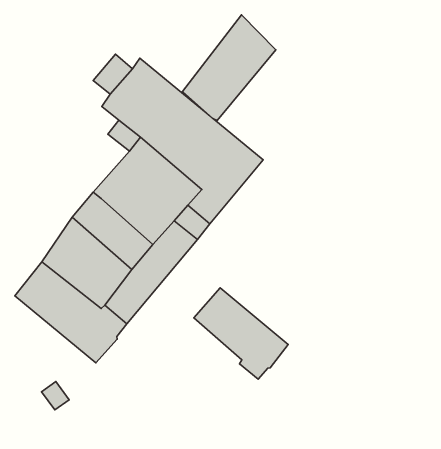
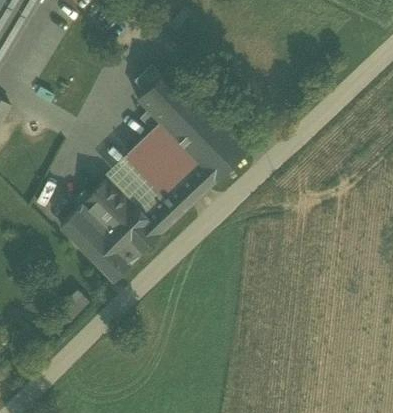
building: [182,15,276,120] -> none
building: [194,288,288,379] -> none

